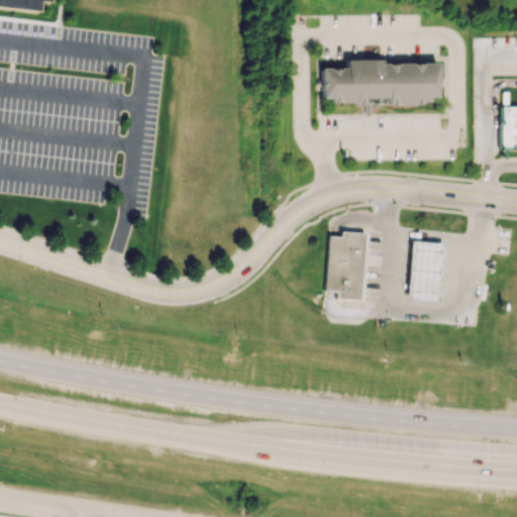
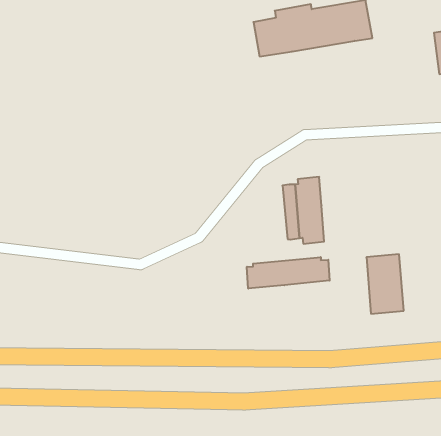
building: [410,241,447,301] -> [366,254,404,314]
building: none -> [247,257,330,289]

